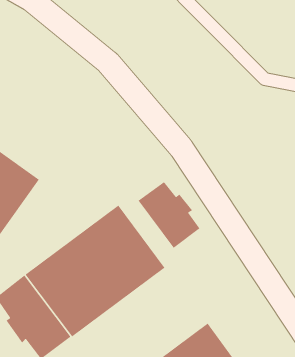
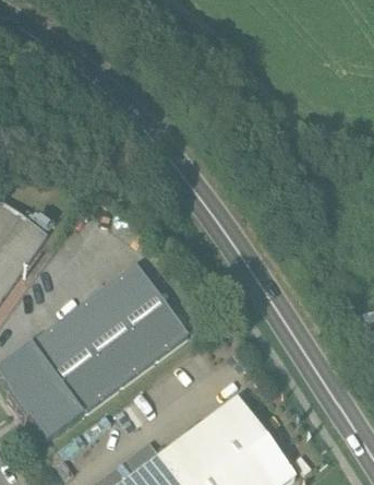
building: [137,181,201,249] -> none

